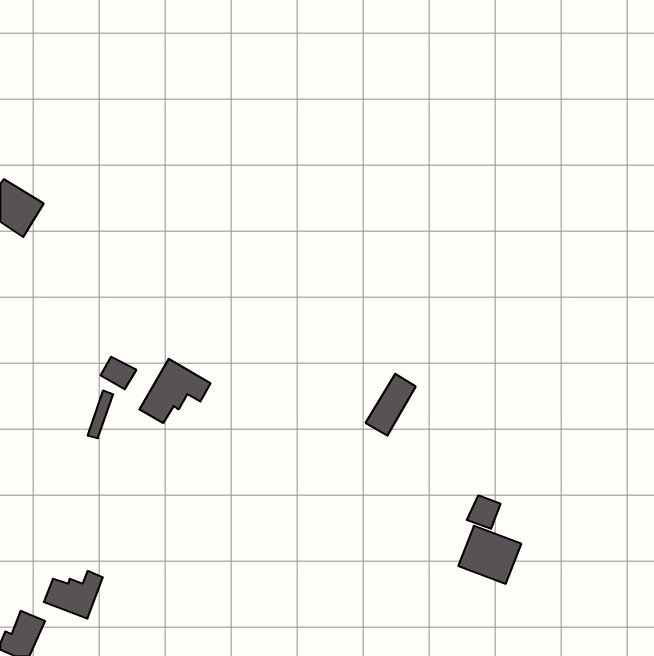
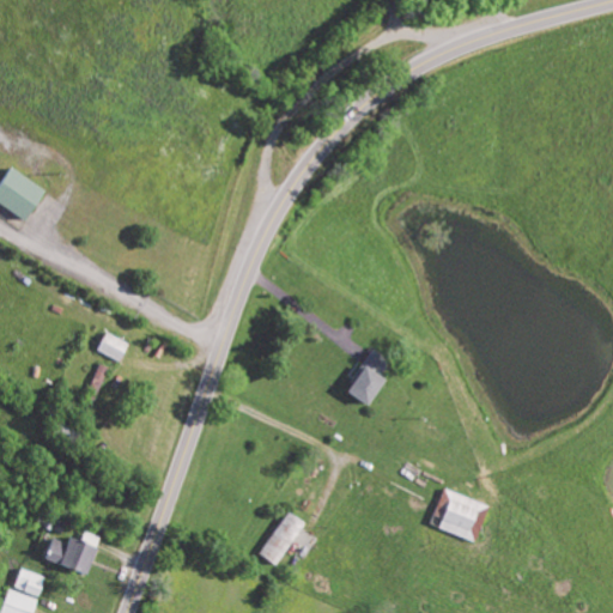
building: [139,359,210,423] -> none
building: [467,495,500,529] -> none
building: none -> [259,511,306,566]

